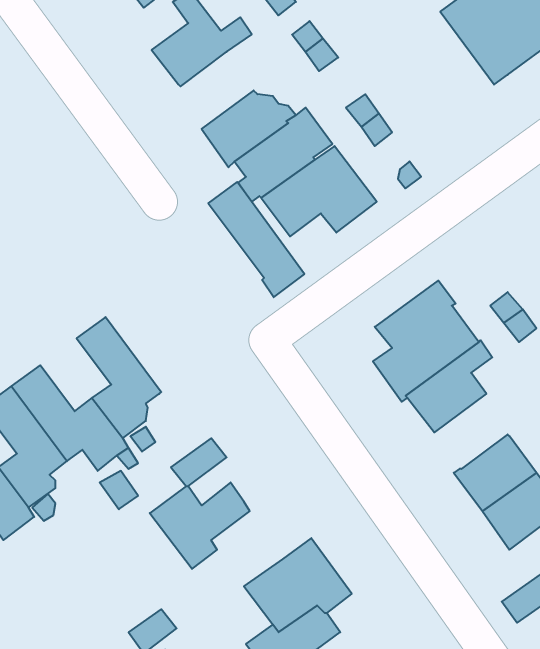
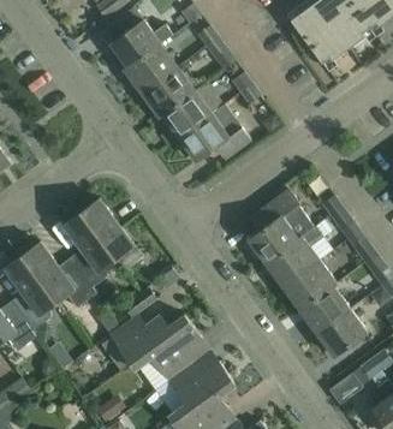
building: none -> [123,46,173,94]
building: [208,182,304,297] -> [81,198,141,270]
building: none -> [286,260,337,306]
building: none -> [147,315,209,380]

